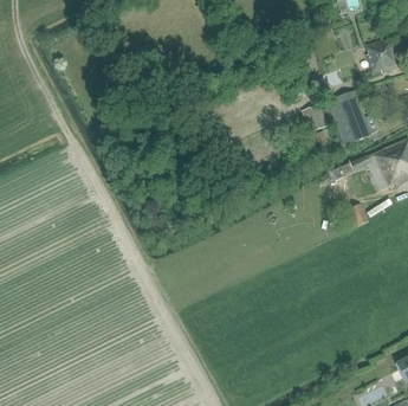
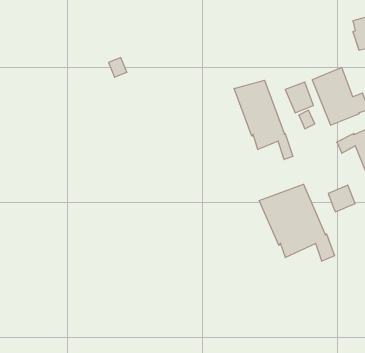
building: none -> [234,80,293,160]
building: none -> [259,184,335,261]

